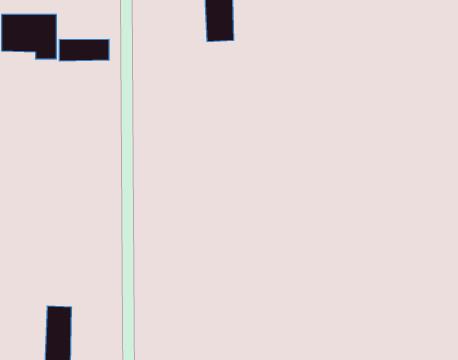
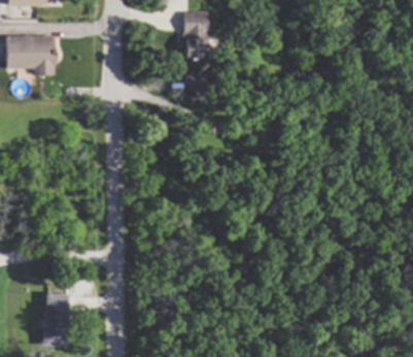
building: [60,39,109,61] -> none

